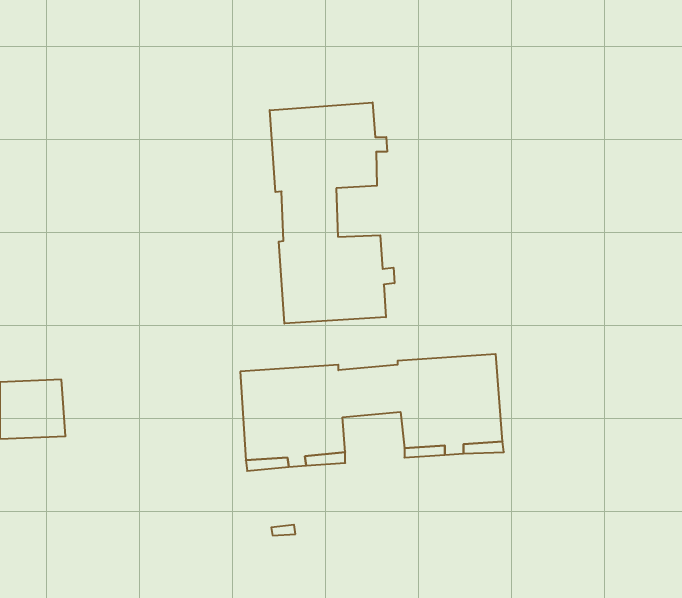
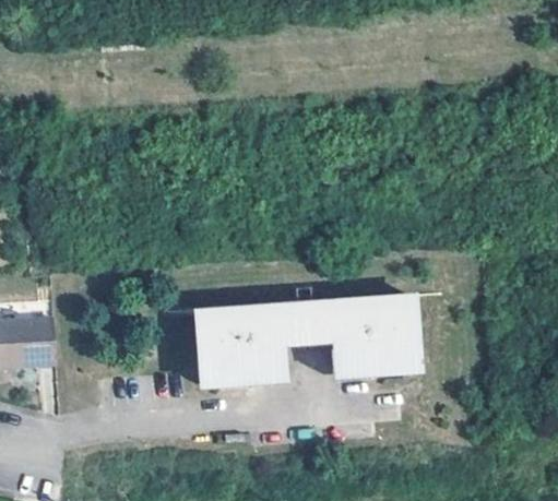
building: [270,102,394,324] -> none

